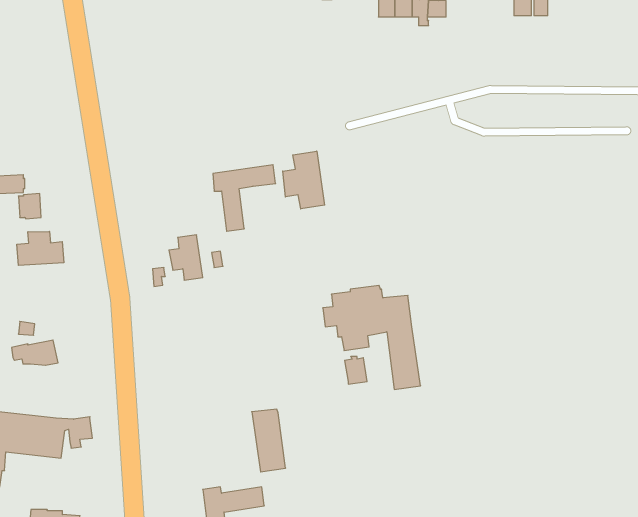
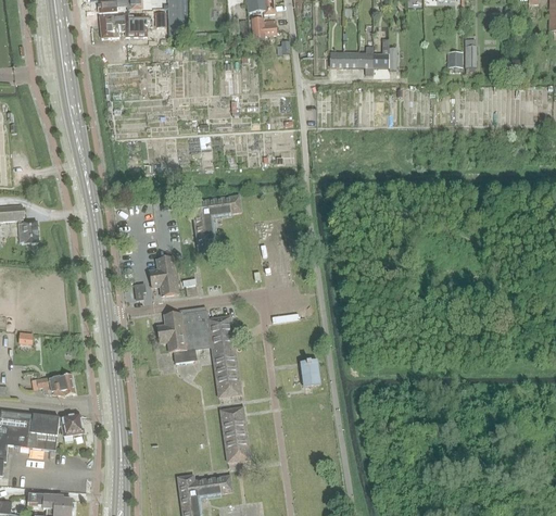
building: [283,151,325,209] -> none
building: [17,231,64,265] -> none
building: [323,285,421,389] -> [155,306,240,397]
building: [12,340,58,365] -> [35,373,75,394]

